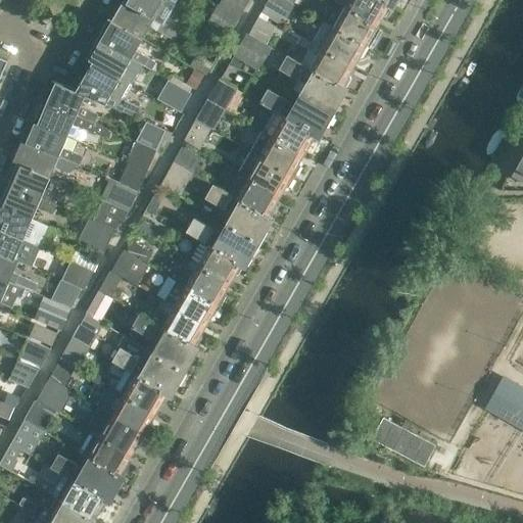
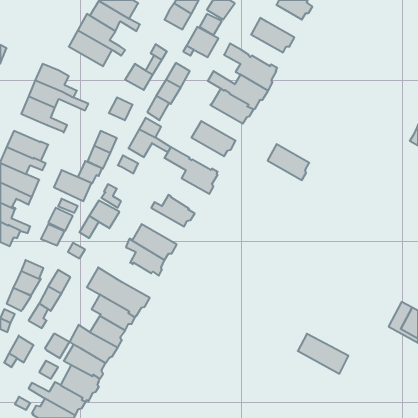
building: [334,6,377,47] -> none
building: [300,38,353,85] -> none
building: [74,60,141,117] -> none
building: [251,131,303,176] -> [268,144,309,180]
building: [126,141,156,173] -> none
building: [17,142,77,178] -> none
building: [228,172,280,215] -> none
building: [190,219,262,267] -> none
building: [167,249,230,305] -> none
building: [34,296,70,329] -> none
building: [73,315,103,346] -> none
building: [132,315,198,372] -> none
building: [23,400,54,431] -> [45,334,70,358]

